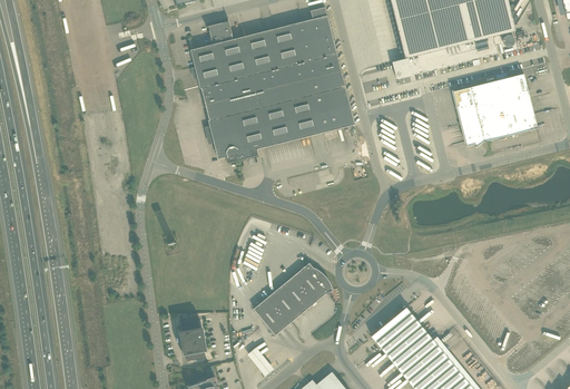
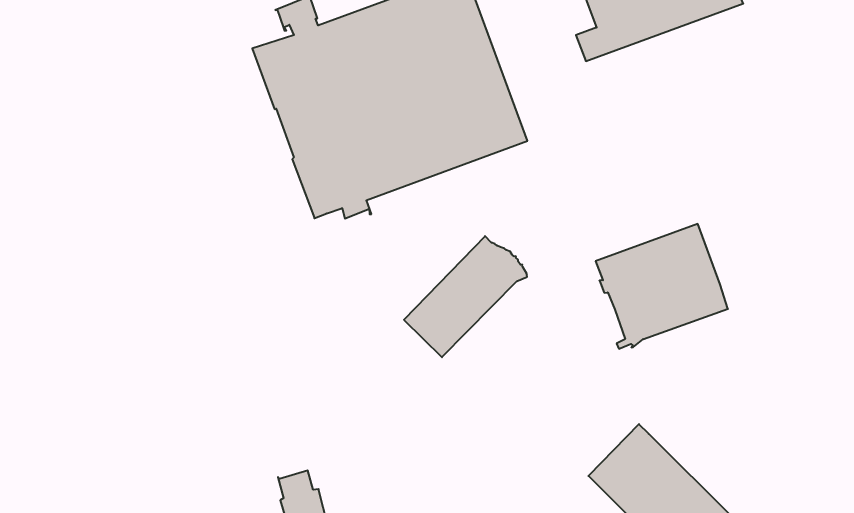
building: [458,74,537,146] -> [596,224,728,349]
building: [253,262,332,334] -> [404,236,527,357]

